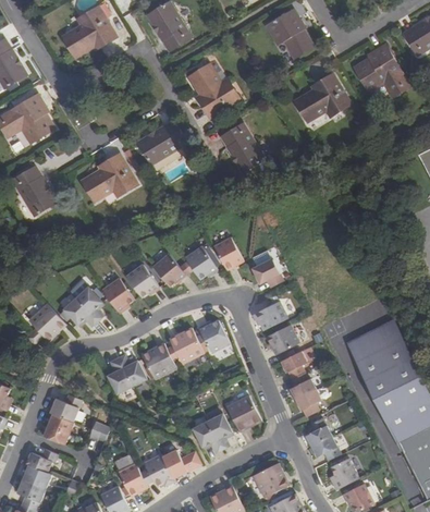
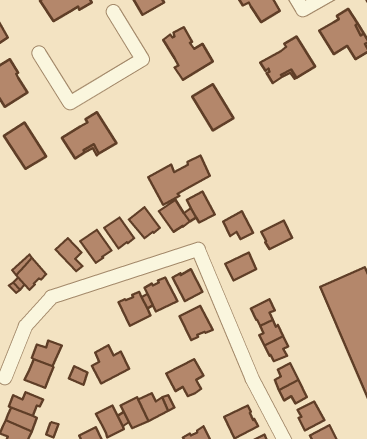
building: [138,120,186,162] -> none
building: none -> [148,156,210,205]
building: [63,297,97,327] -> none
building: [266,324,298,354] -> [261,220,292,249]
building: [107,353,146,393] -> [92,345,129,383]
building: [226,394,261,430] -> [180,306,213,340]

